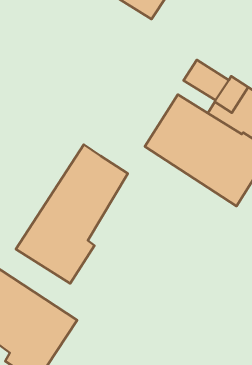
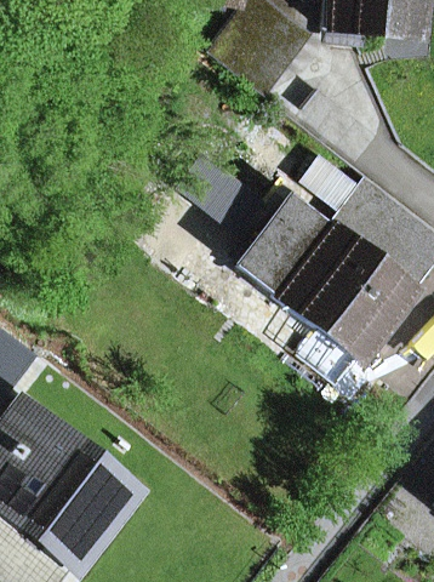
building: [16,144,128,283] -> none

